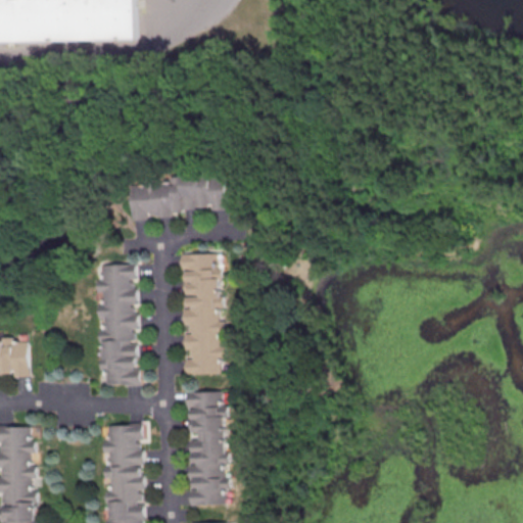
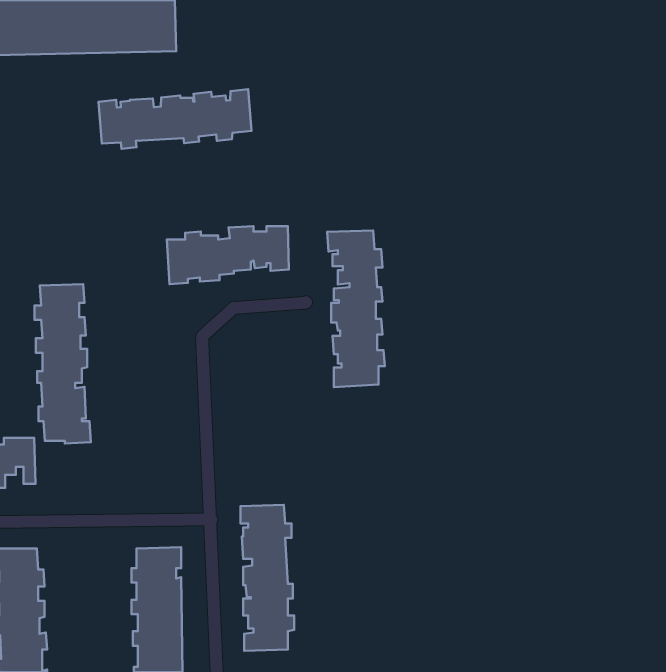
building: none -> [98,89,251,149]
building: [180,253,225,375] -> [327,231,385,387]
building: [96,265,140,388] -> [34,284,91,443]

